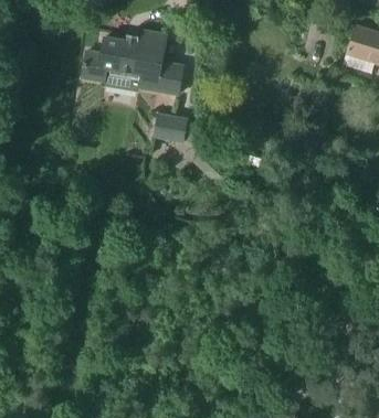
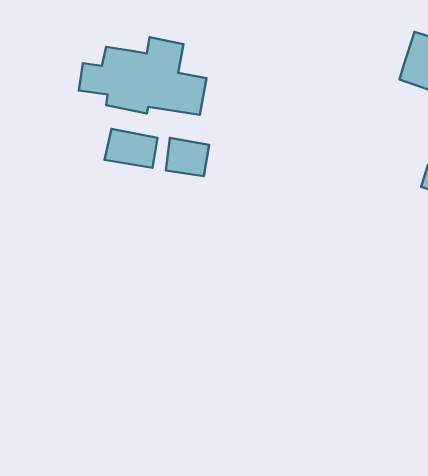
building: none -> [104,129,158,168]

